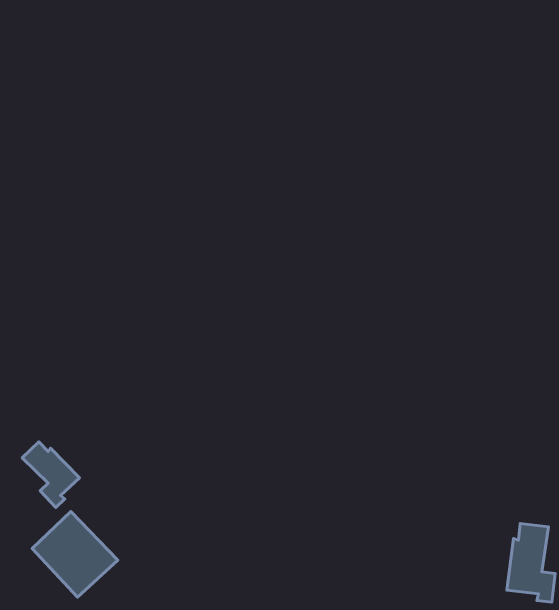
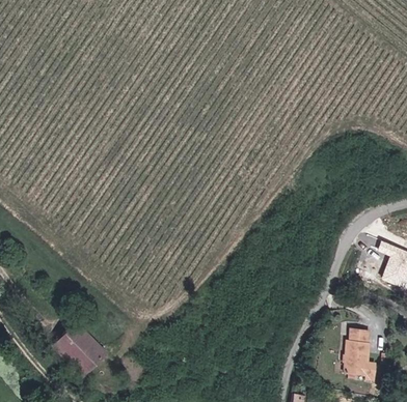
building: [22,442,80,507] -> none

